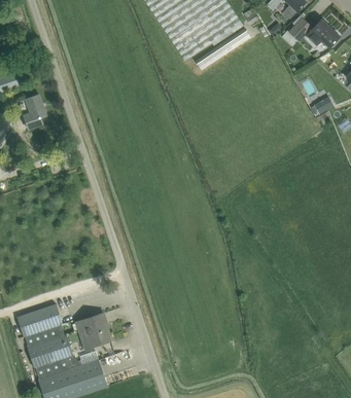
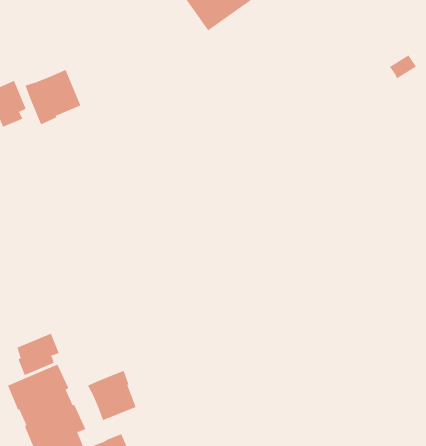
building: none -> [25,69,81,125]
building: none -> [17,333,60,376]

